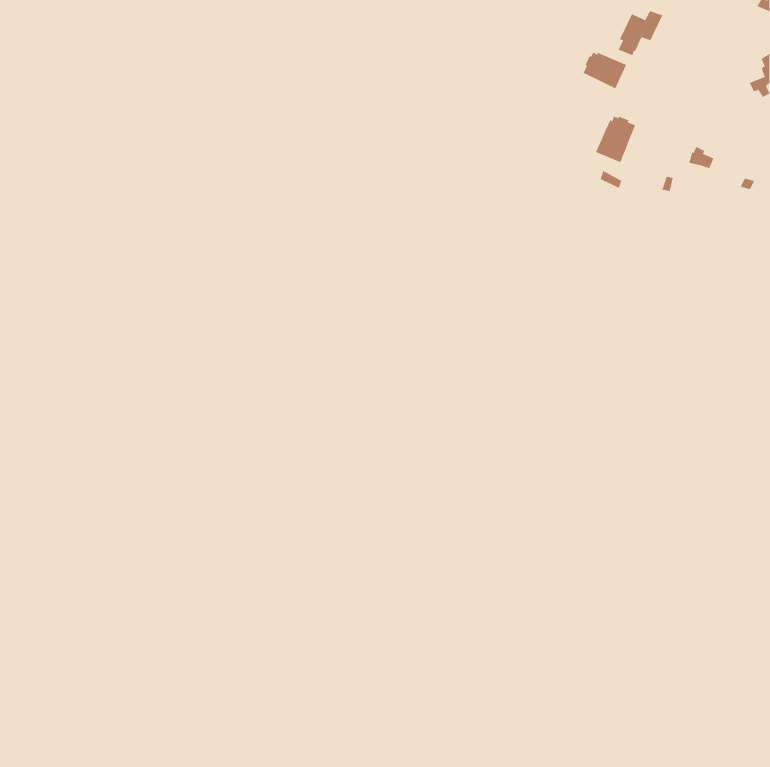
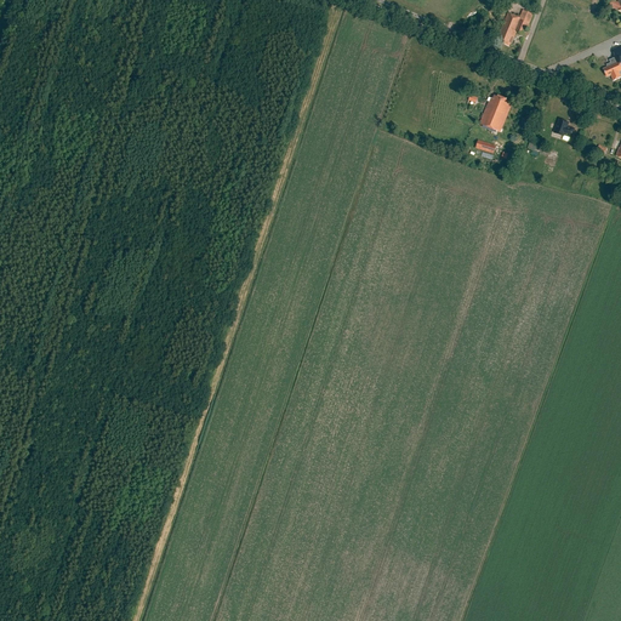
building: [583,52,627,89] -> none

